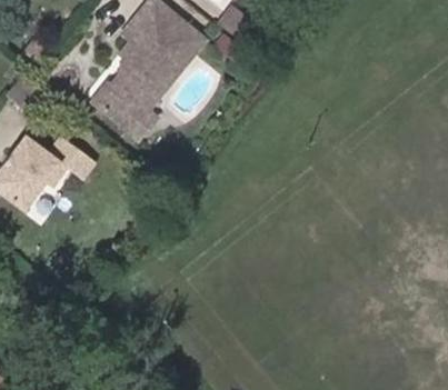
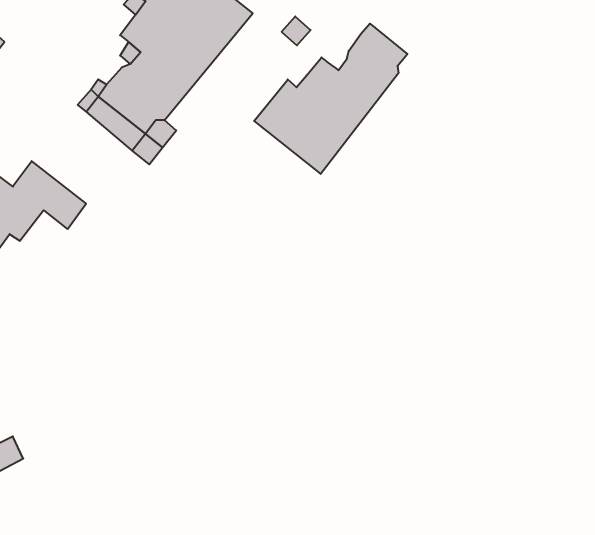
building: none -> [254,24,407,174]

